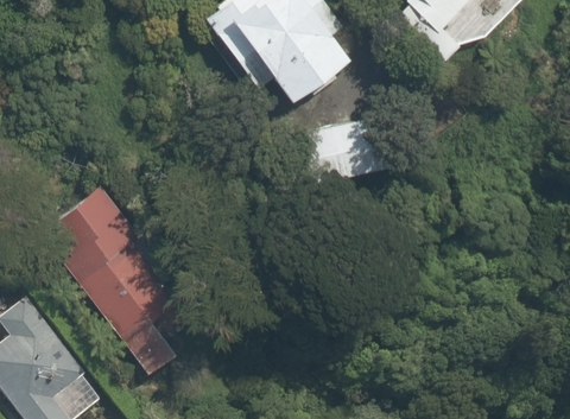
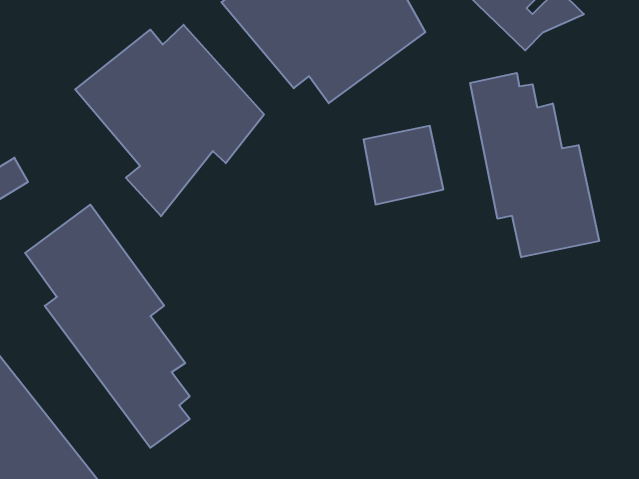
building: none -> [75,25,264,216]
building: none -> [470,73,599,257]

